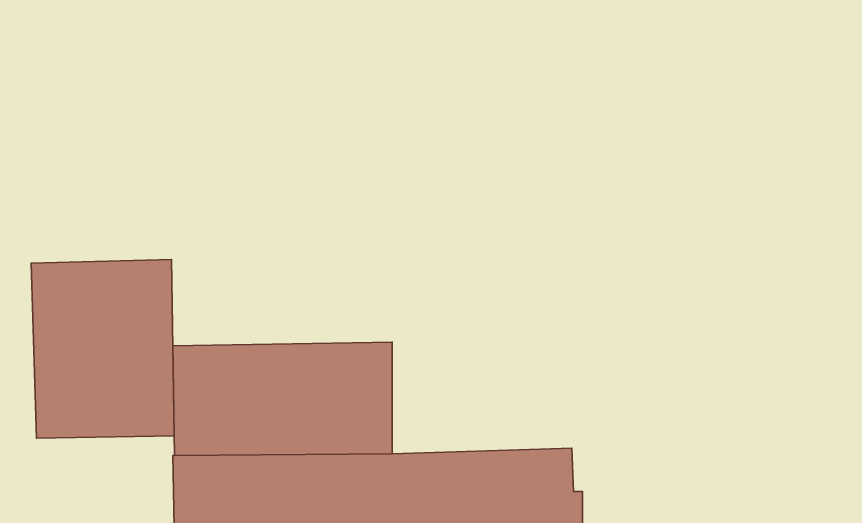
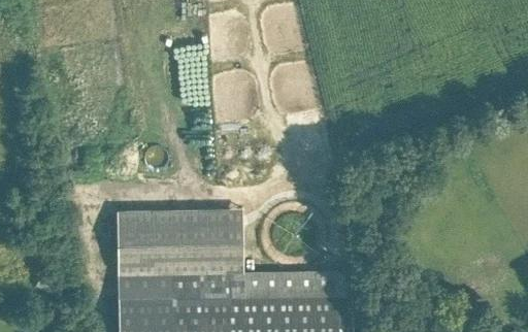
building: [31,260,174,438] -> none

